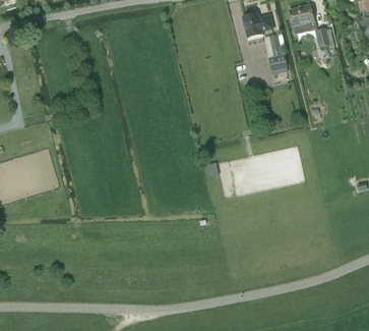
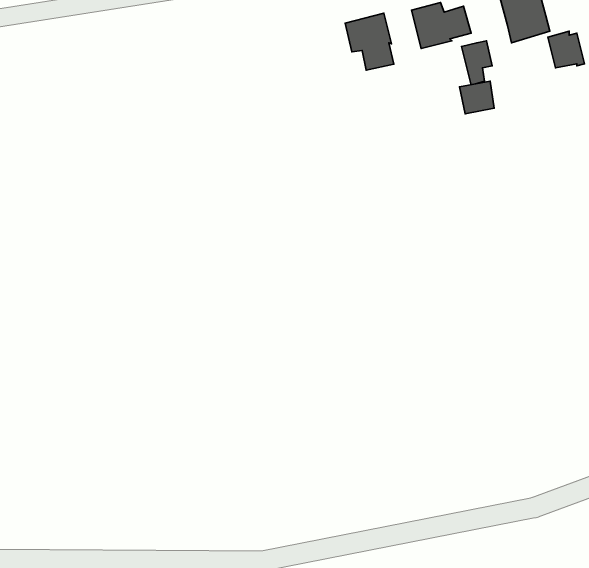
building: none -> [345,13,394,70]

